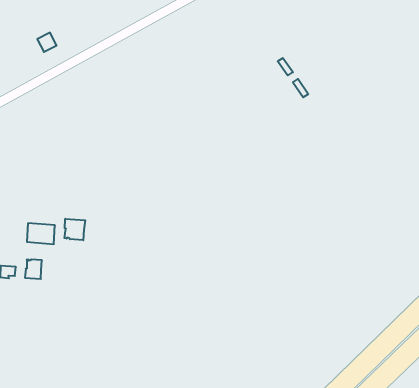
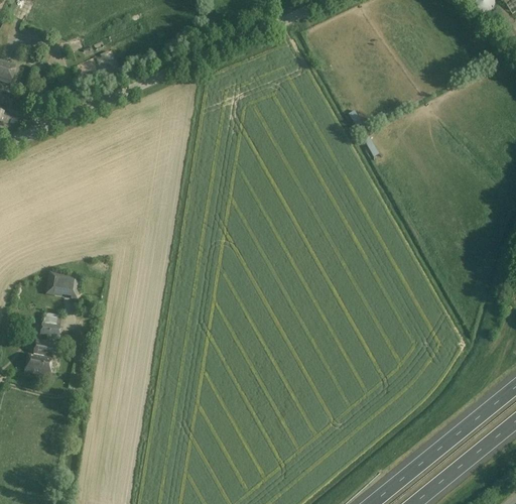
building: [64,219,85,240] -> none
building: none -> [23,340,52,375]

